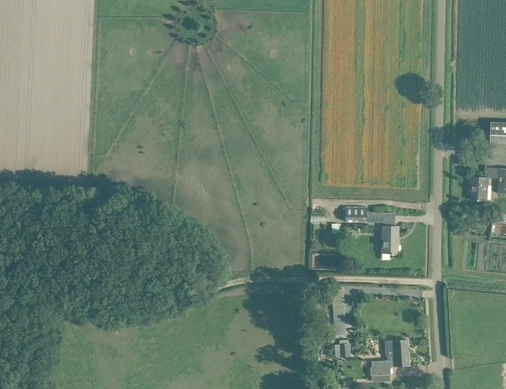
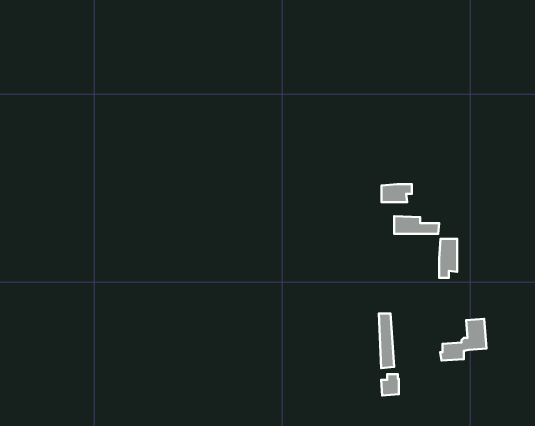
building: none -> [381,184,412,202]
building: [370,339,409,374] -> [440,319,487,360]

